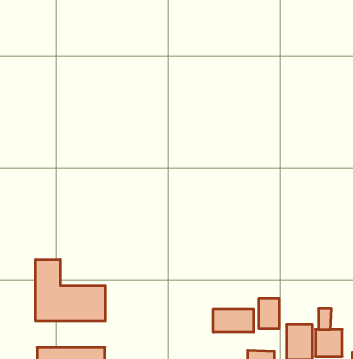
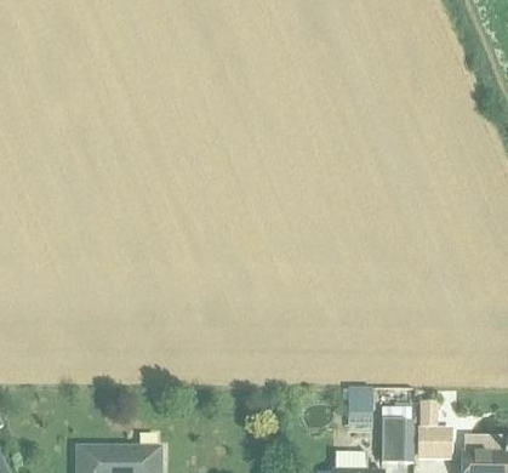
building: [36,259,105,321] -> none
building: [213,309,254,332] -> none

